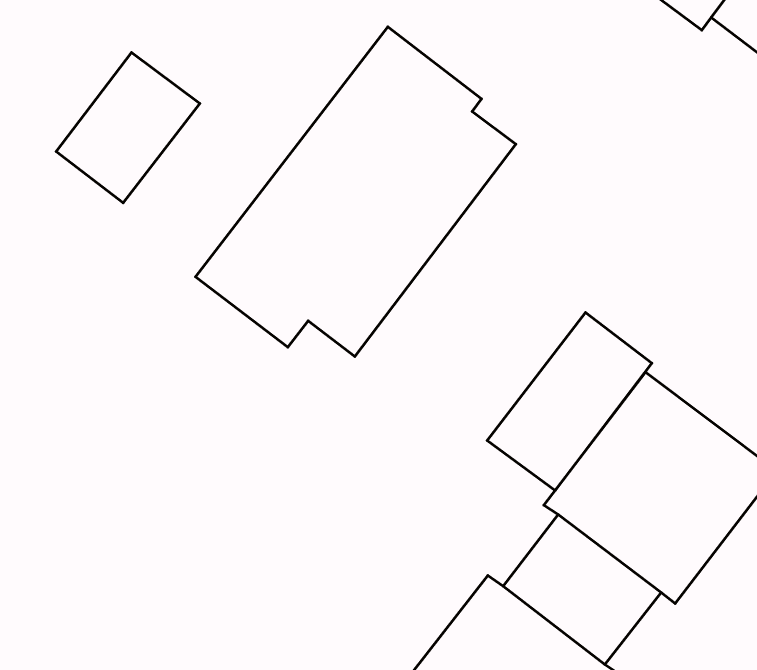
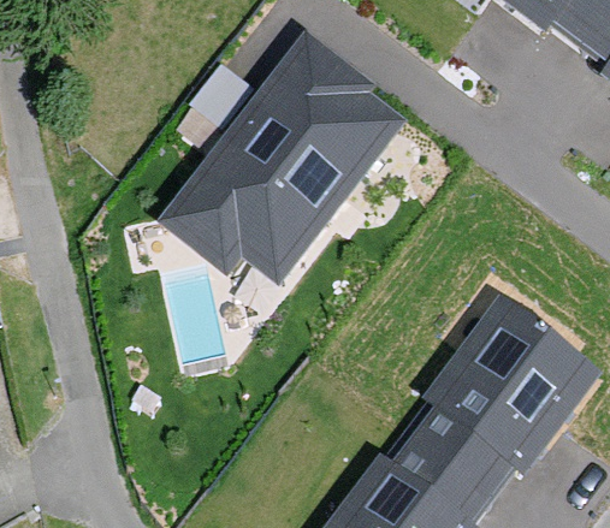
building: [56,53,200,203] -> none
building: [487,313,652,490] -> none

